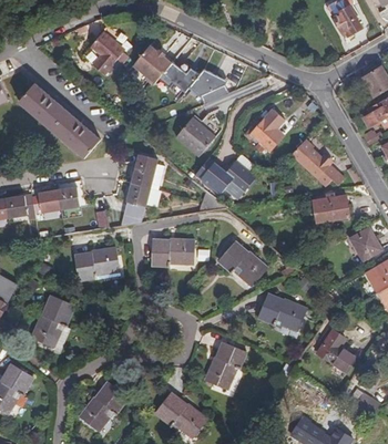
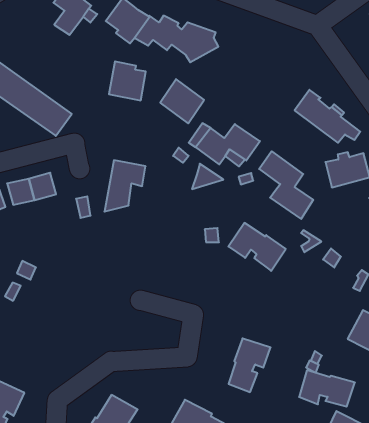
building: [245,109,283,149] -> none
building: [130,154,163,189] -> [109,61,146,100]
building: none -> [259,151,313,219]
building: [156,240,200,266] -> none
building: [81,247,124,279] -> none
building: [35,293,76,348] -> none
building: [261,298,309,332] -> [299,370,355,407]

